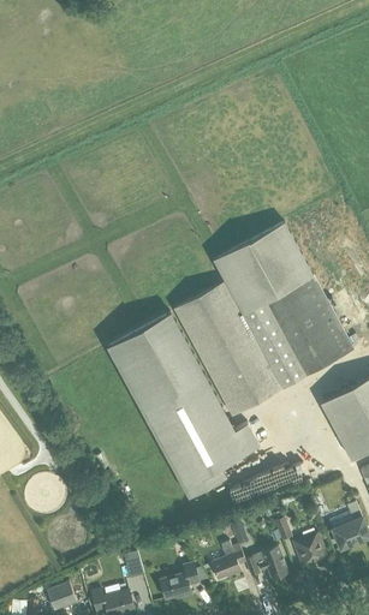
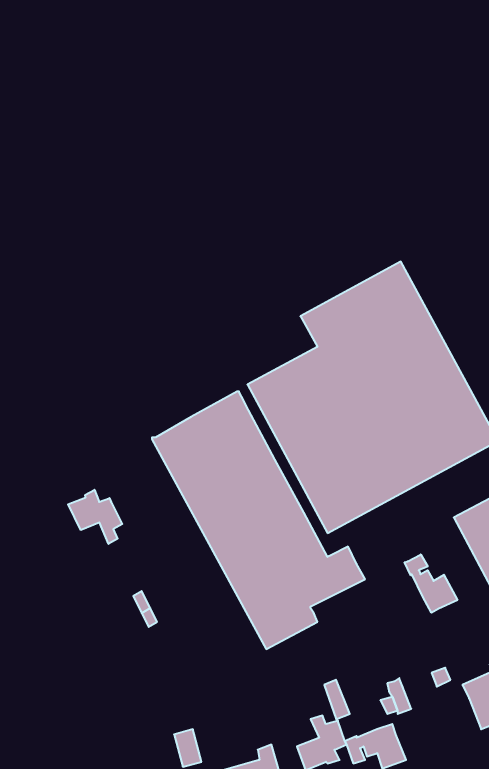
building: none -> [68,490,122,544]
building: none -> [405,554,457,613]
building: [291,532,326,566] -> none

